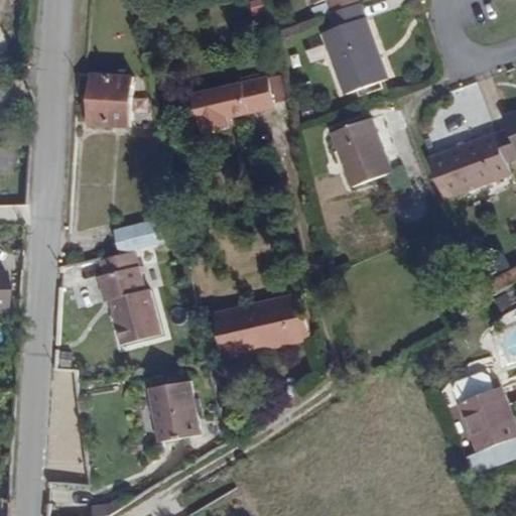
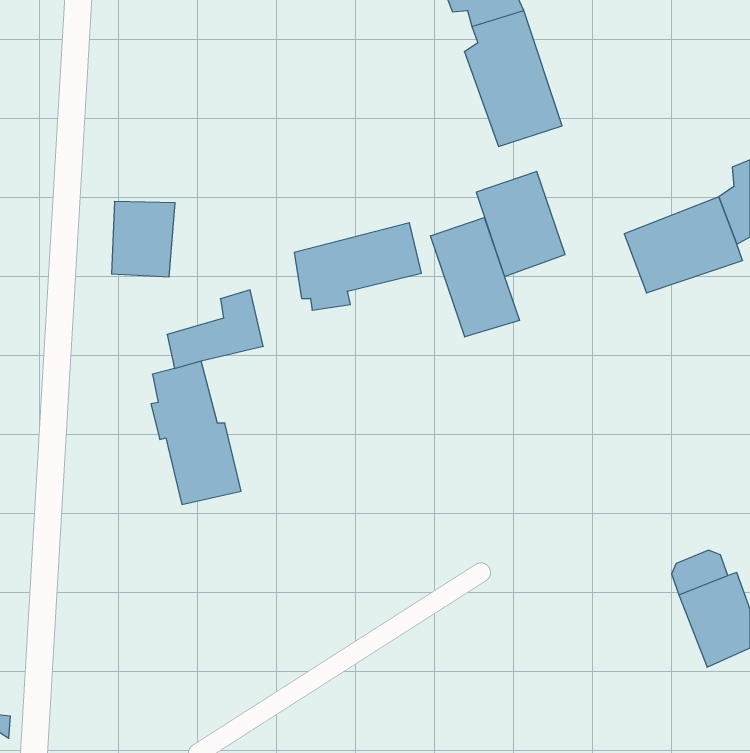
building: [89,75,132,126] -> [112,201,175,277]
building: [187,78,274,137] -> [294,223,421,310]
building: none -> [430,218,519,337]
building: [215,285,311,355] -> none
building: [154,381,202,442] -> none

